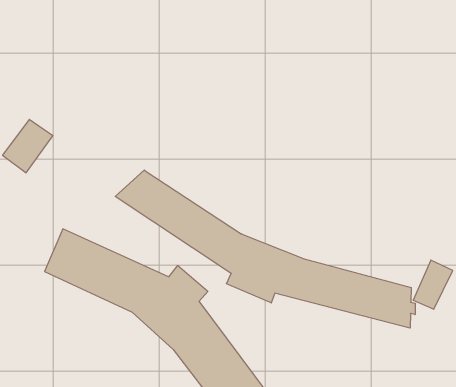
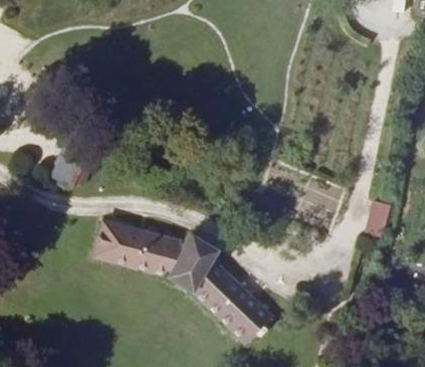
building: [115,170,415,328] -> none

